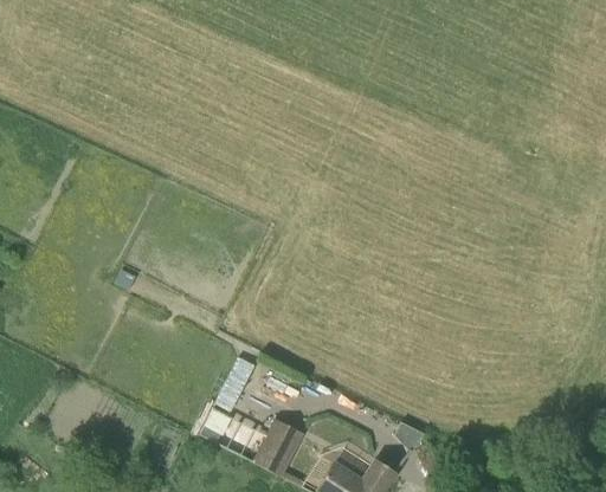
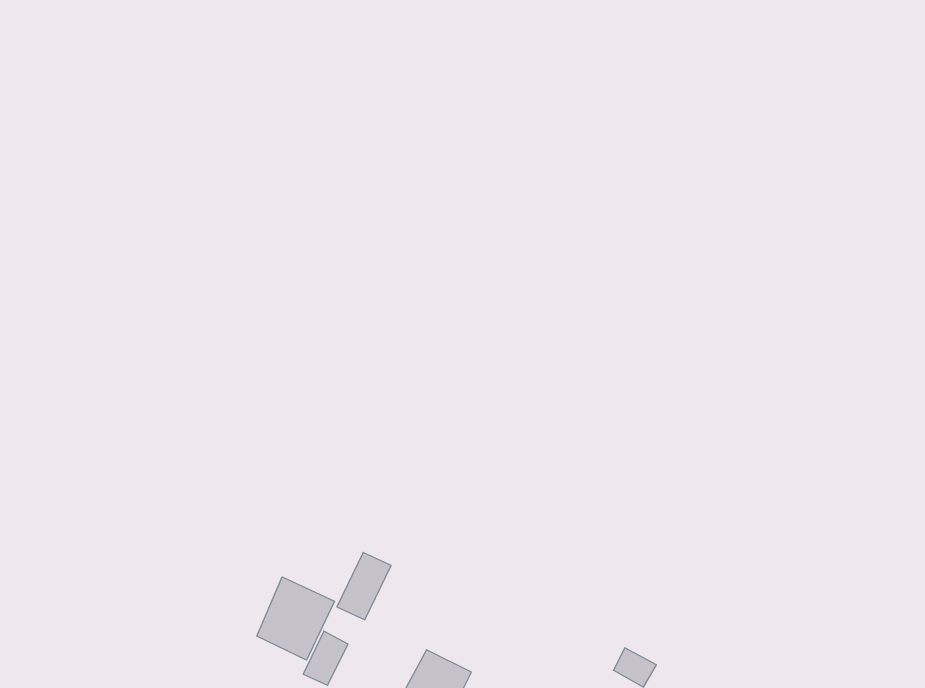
building: none -> [257,577,335,660]

